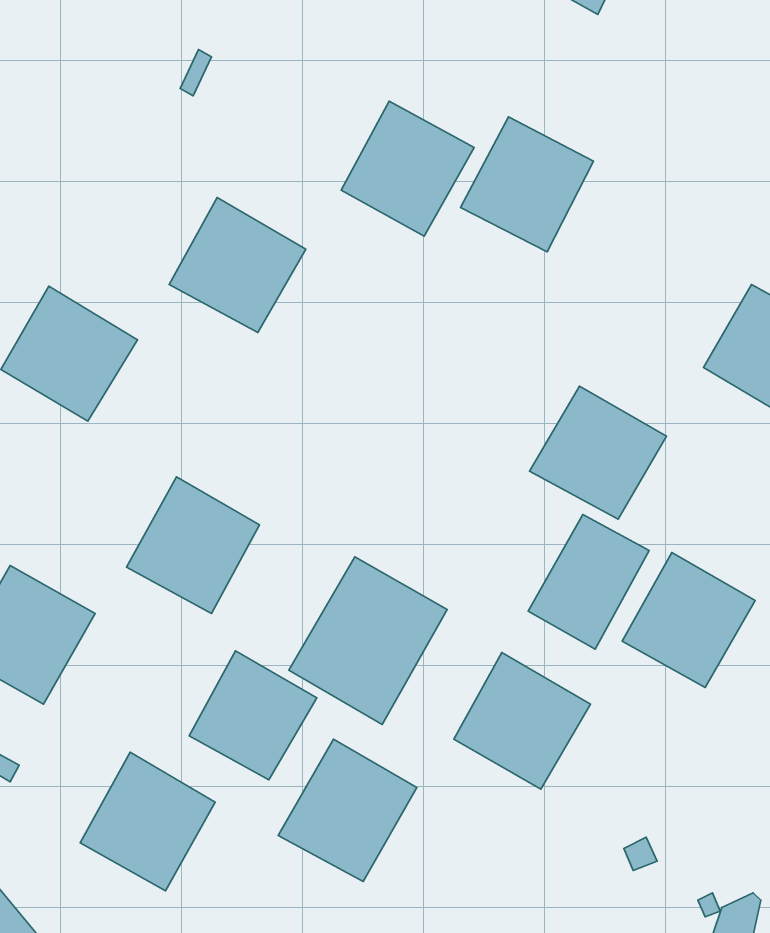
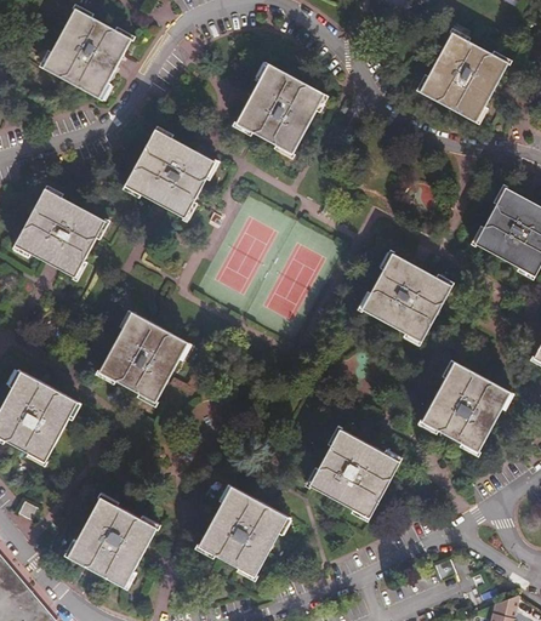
building: none -> [42,11,132,101]
building: [460,117,594,252] -> [416,33,503,121]
building: [528,514,649,649] -> none
building: [289,557,447,725] -> none
building: [189,651,317,780] -> none

